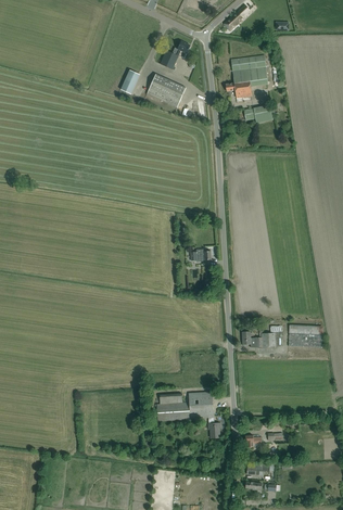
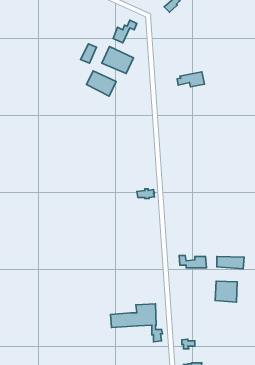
building: [226,54,268,98] -> none
building: none -> [86,71,116,96]
building: none -> [215,281,237,302]

